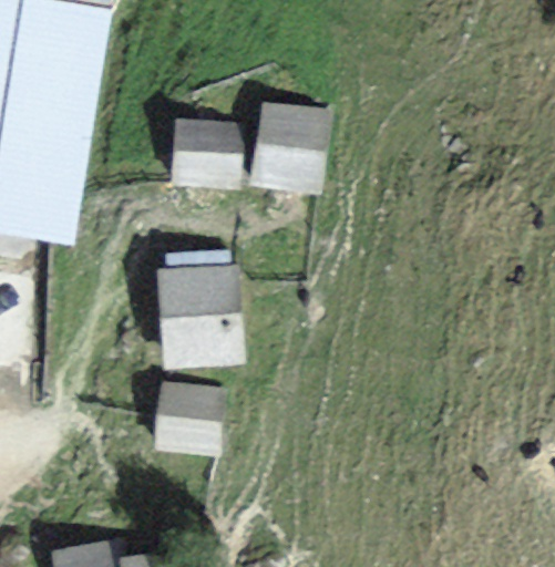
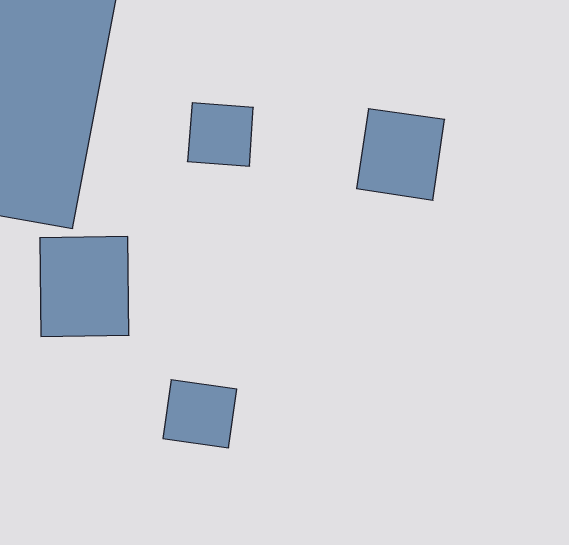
building: [248,103,331,189] -> [357,109,445,200]
building: [160,267,244,361] -> [40,237,129,336]

